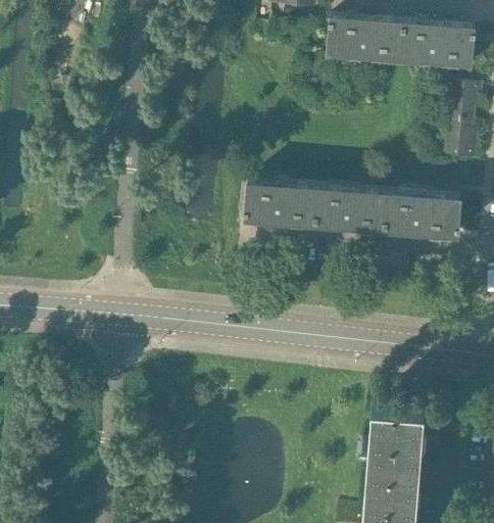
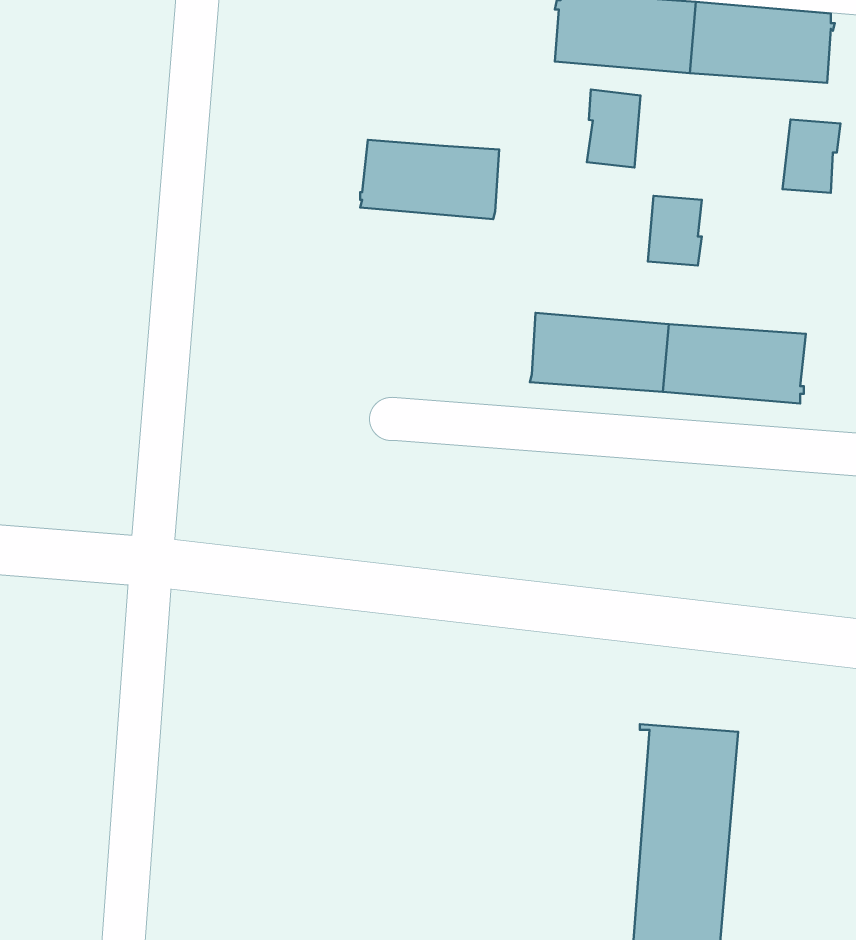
building: none -> [587,90,640,168]
building: [445,124,474,160] -> [648,196,702,265]
building: [244,184,317,226] -> [360,140,499,219]

